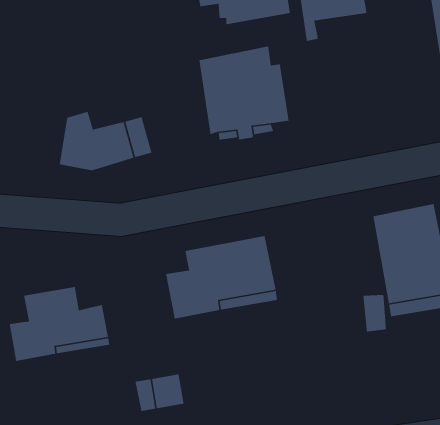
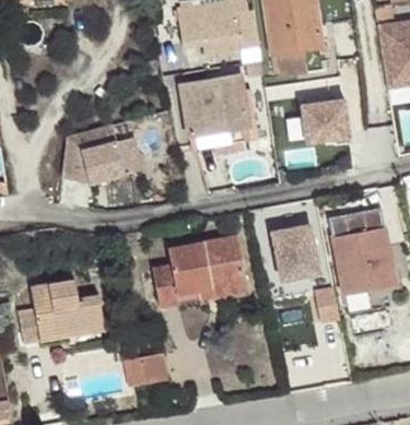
building: none -> [303,95,351,141]
building: none -> [271,223,317,278]

